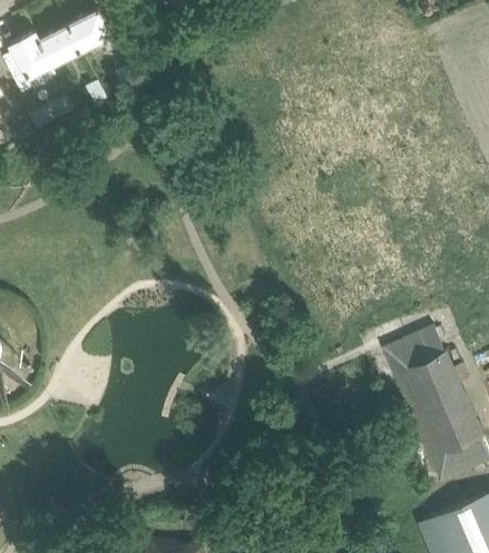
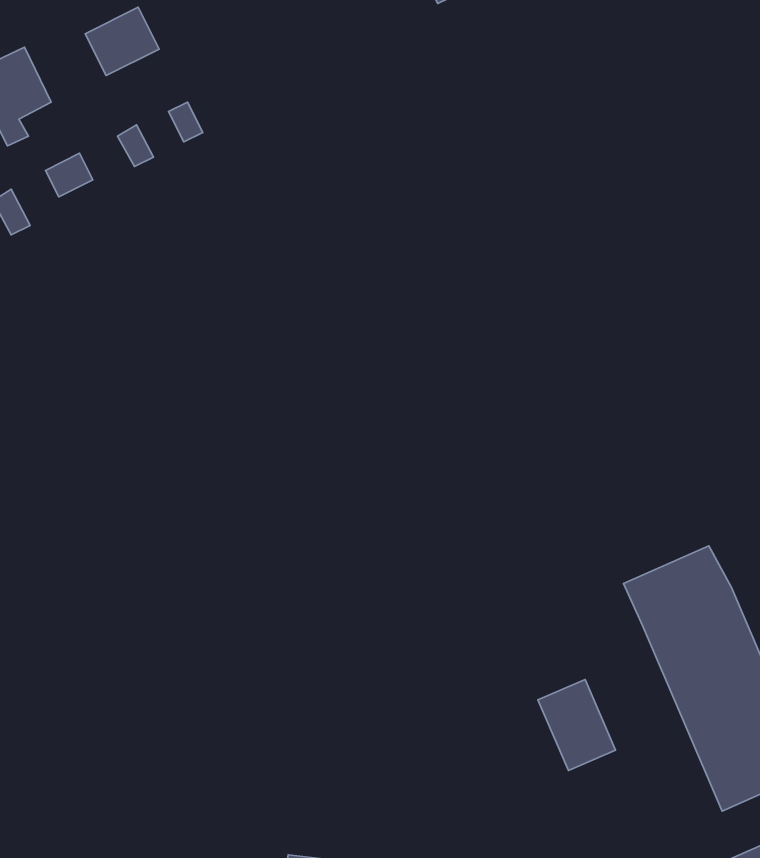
building: [31,28,79,68] -> none
building: none -> [538,680,616,771]

